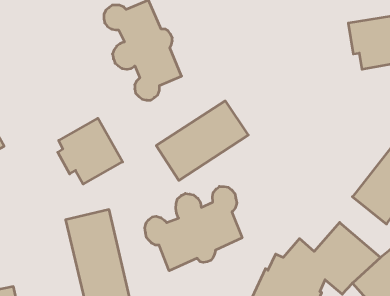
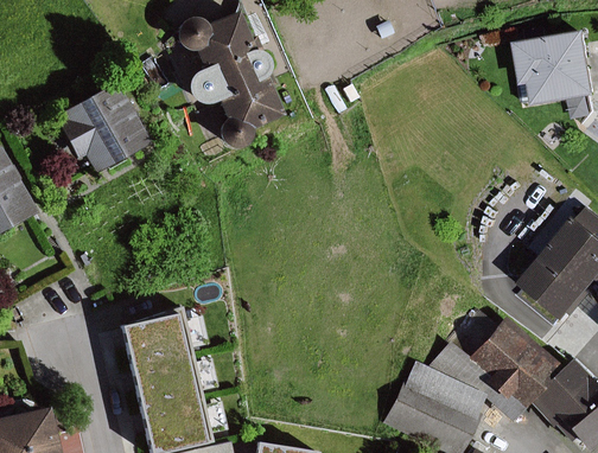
building: [156,101,248,180] -> none
building: [58,118,123,184] -> [61,81,151,172]
building: [145,186,242,271] -> none

